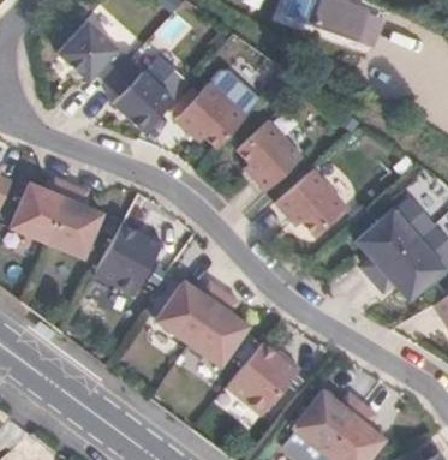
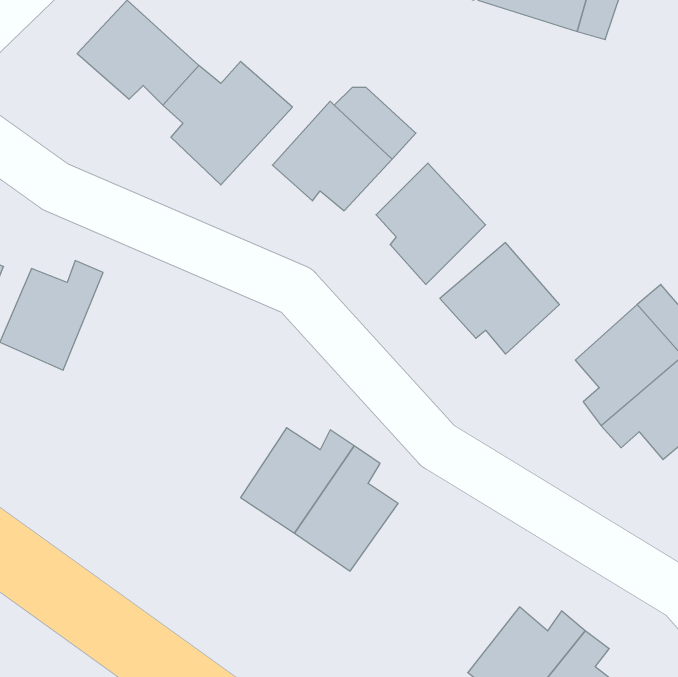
building: [48,185,103,258] -> none
building: [95,217,162,295] -> none
building: [227,340,300,414] -> none

